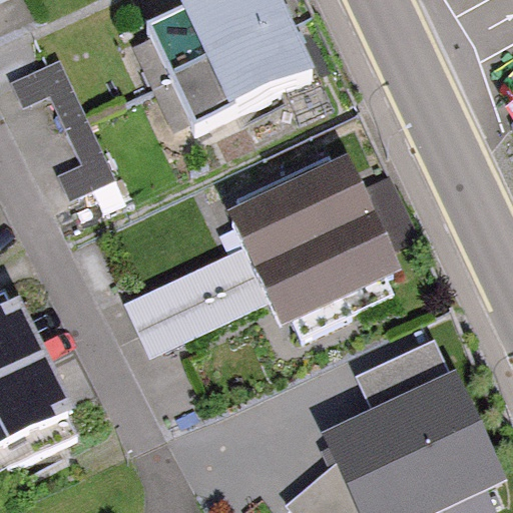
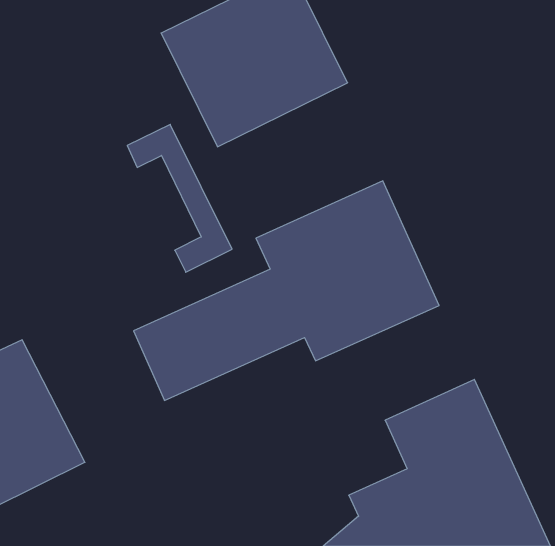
building: [19,59,114,193] -> [127,124,232,272]

